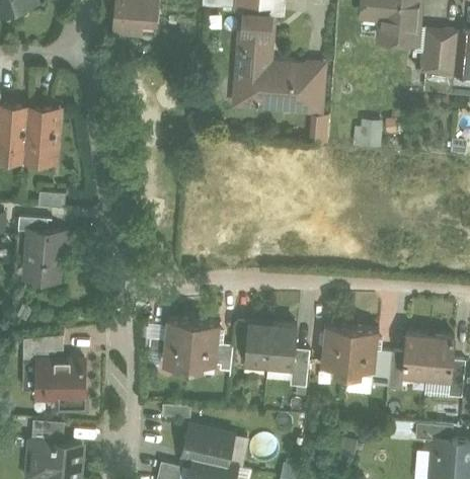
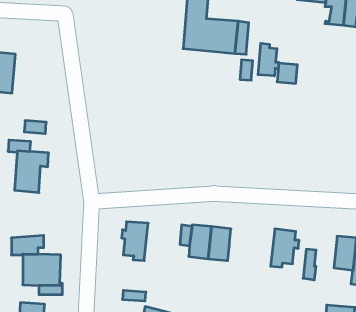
building: none -> [258,43,279,76]
building: [23,110,58,160] -> none
building: [188,322,223,370] -> none
building: [318,326,351,376] -> none
building: [401,335,429,378] -> none
building: [290,351,309,389] -> none

